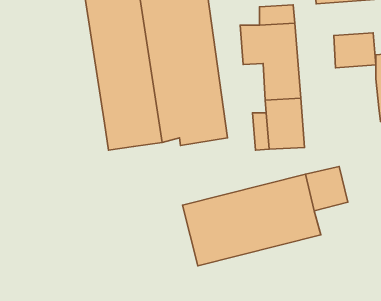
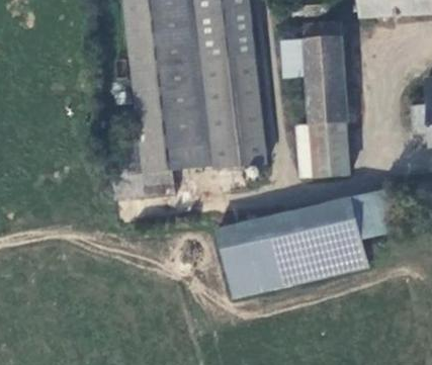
building: [334,33,376,68] -> none
building: none -> [111,146,172,200]

